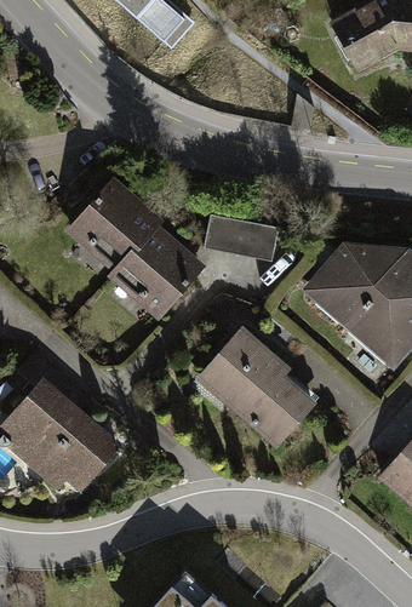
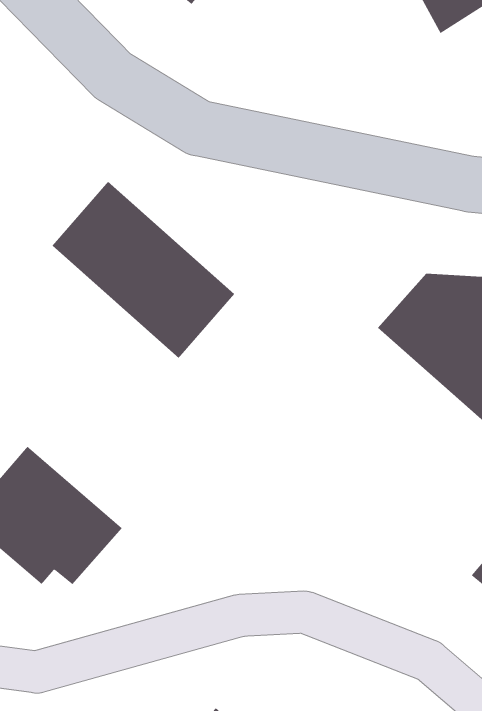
building: [205,216,275,258] -> none
building: [196,326,314,445] -> none

